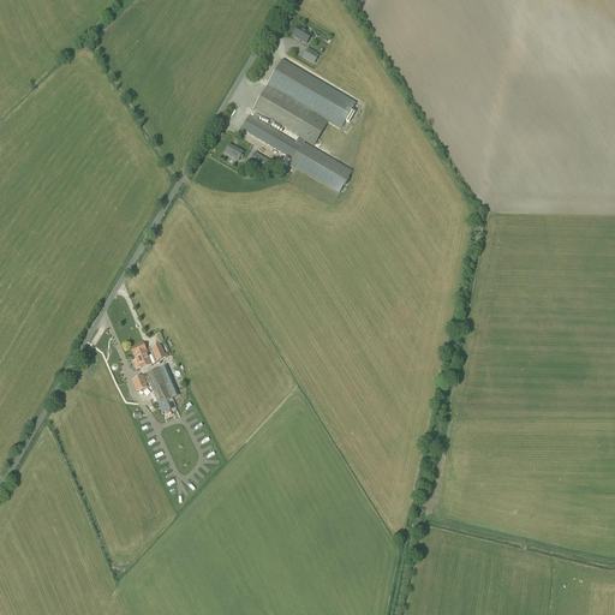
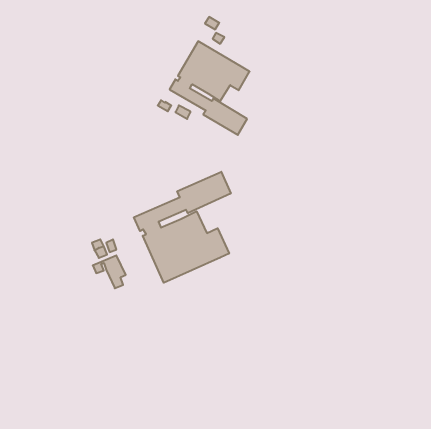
building: none -> [134,172,231,283]

